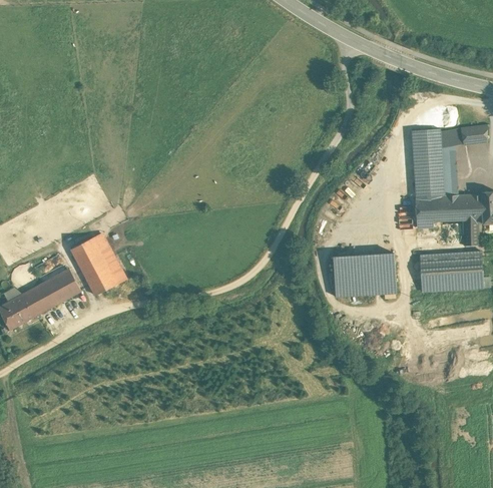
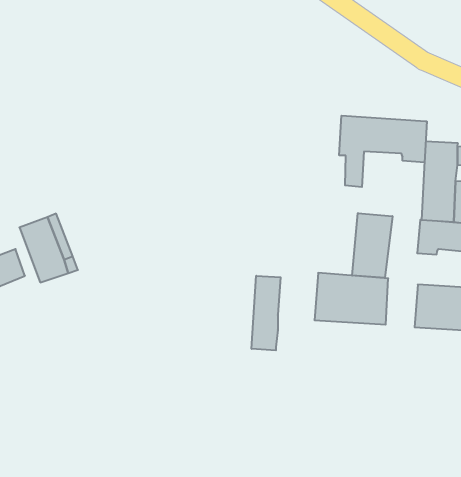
building: none -> [339,116,427,187]
building: none -> [352,213,392,278]
building: none -> [252,276,281,350]

